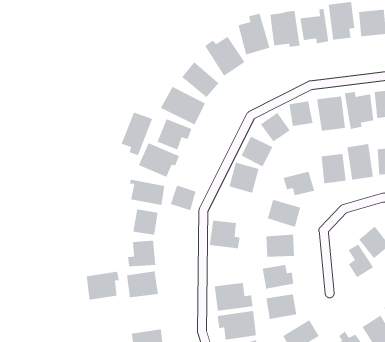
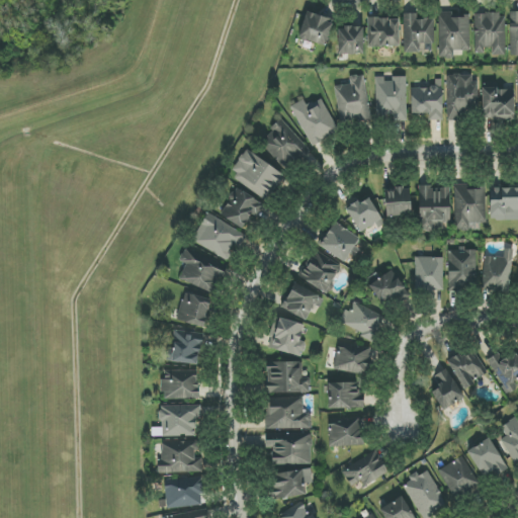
building: [121,111,153,156] -> none
building: [170,185,197,211] -> [282,285,317,320]
building: none -> [266,361,311,393]
building: [86,271,120,301] -> [161,405,201,436]

